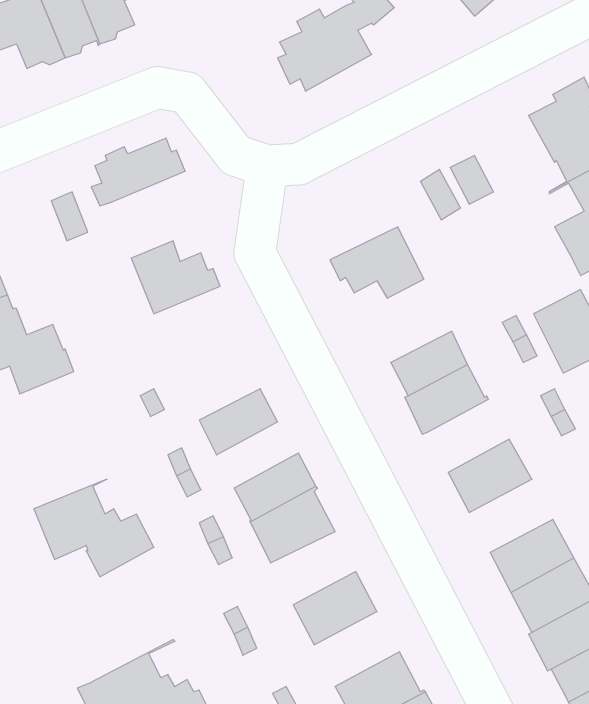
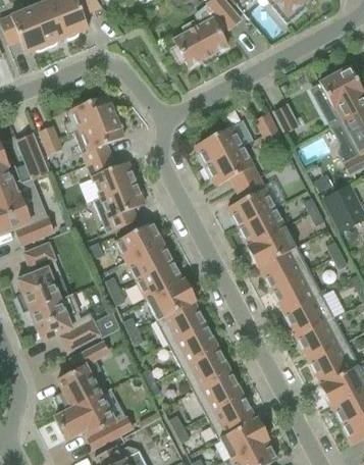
building: none -> [74,113,123,164]
building: none -> [196,122,243,165]
building: none -> [17,134,48,177]
building: none -> [228,176,274,225]
building: none -> [94,180,145,231]
building: none -> [116,221,162,259]
building: none -> [17,243,72,311]
building: none -> [260,247,308,290]
building: none -> [137,260,183,299]
building: none -> [284,294,333,337]
building: none -> [168,324,218,367]
building: none -> [53,342,111,413]
building: none -> [194,371,244,415]

